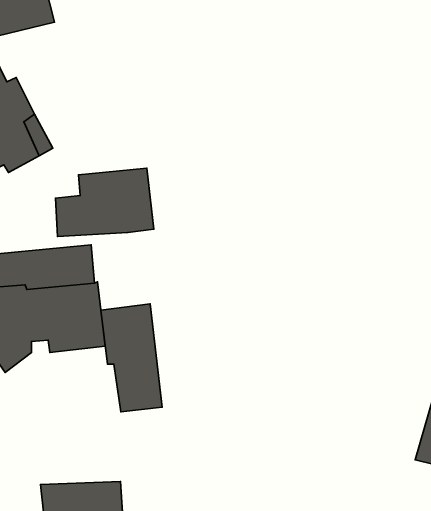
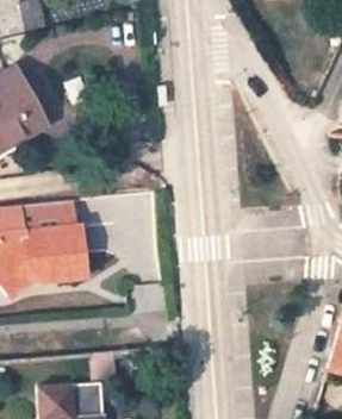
building: [55,168,154,236] -> none
building: [101,304,162,412] -> none

